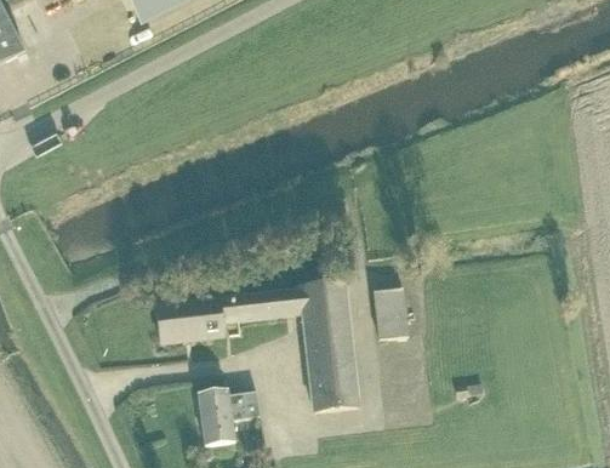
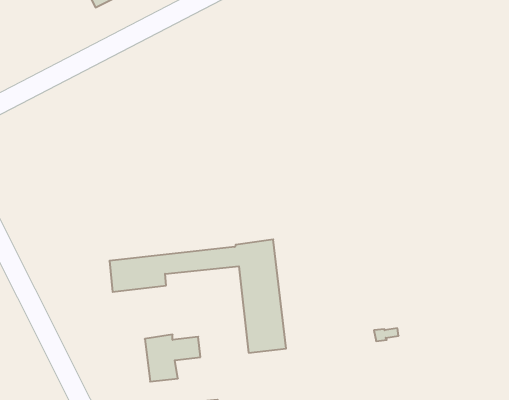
building: [374,290,409,341] -> none

